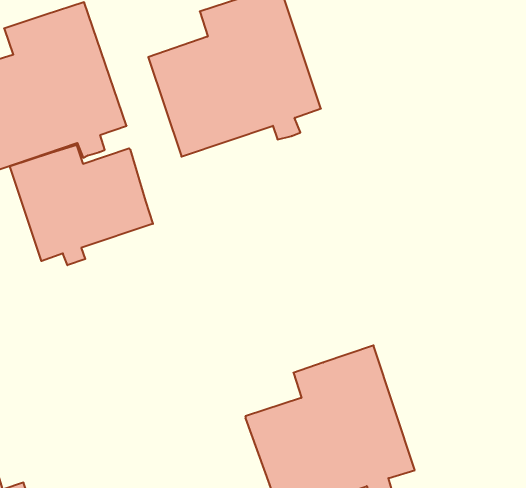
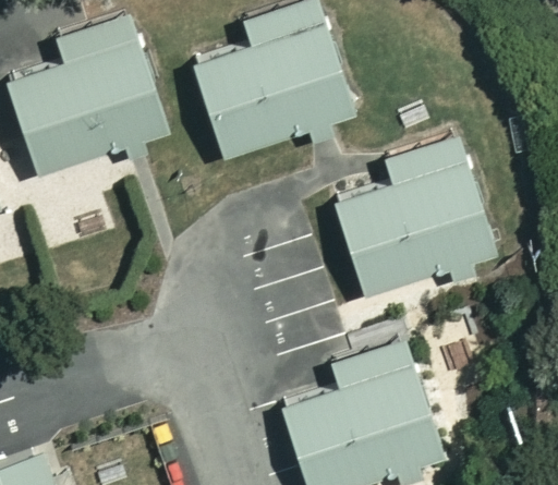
building: none -> [332,136,497,300]
building: [10,145,153,265] -> none

